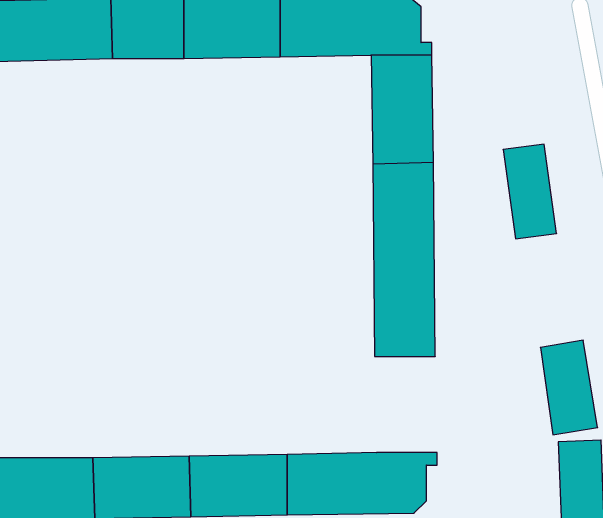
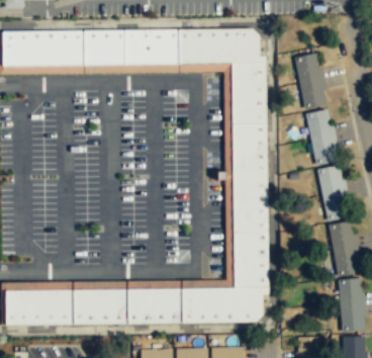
building: none -> [292,56,326,111]
building: none -> [317,168,348,222]
building: none -> [234,233,269,287]

